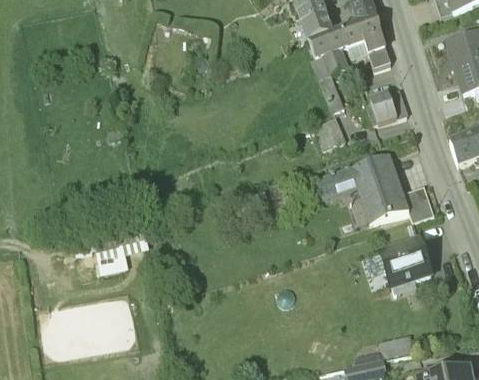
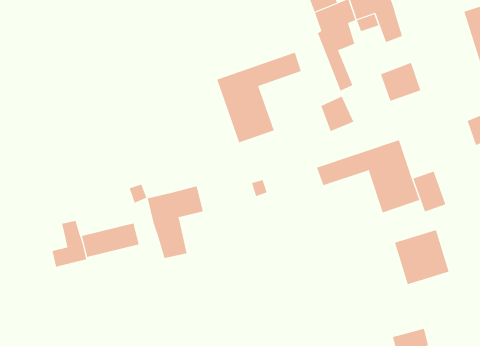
building: none -> [217,52,302,143]
building: none -> [147,185,203,259]
building: none -> [52,220,87,268]

